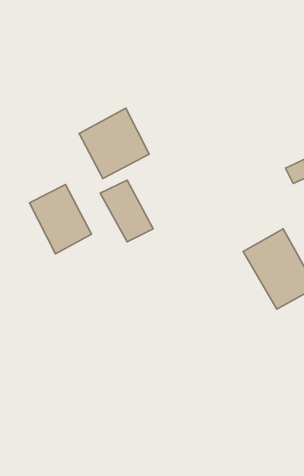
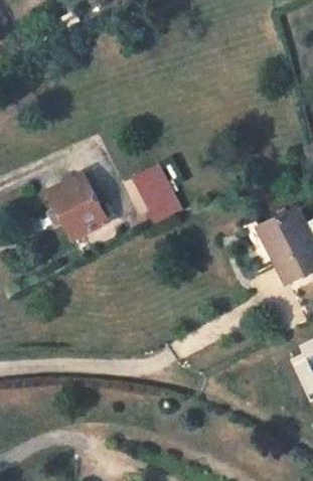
building: [79,108,149,178] -> none

